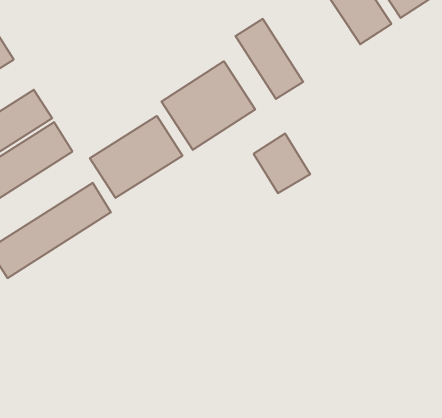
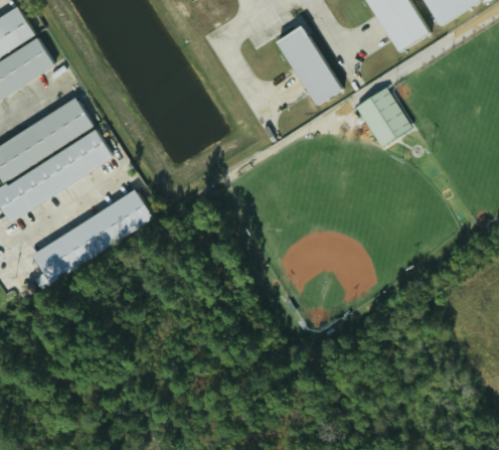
building: [162,61,255,150] -> none
building: [90,116,182,198] -> none
building: [254,134,310,193] -> [356,88,412,147]

